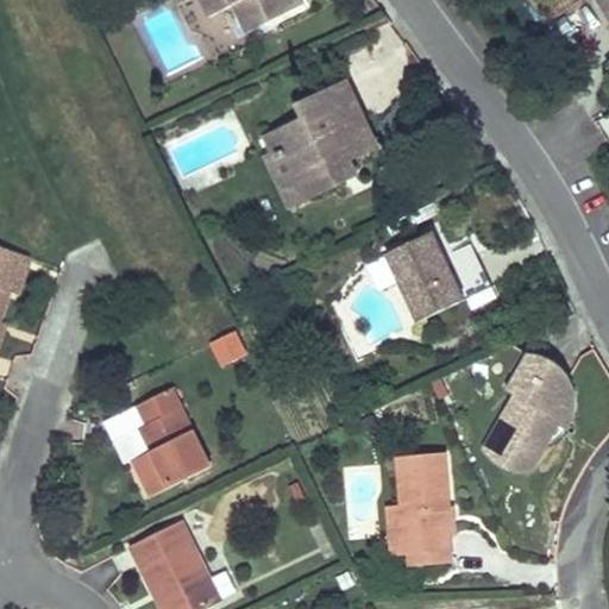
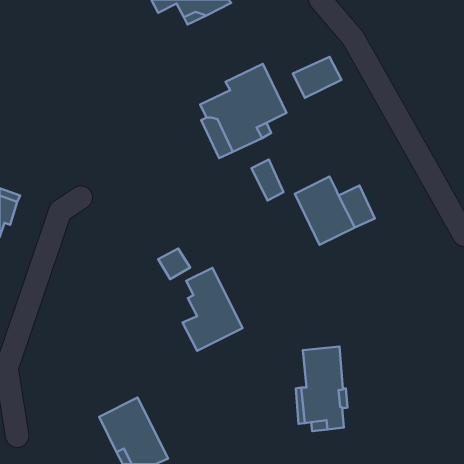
building: none -> [293,57,341,98]
building: none -> [252,160,284,201]
building: [479,351,572,465] -> none
building: [131,387,209,495] -> [182,268,243,351]

